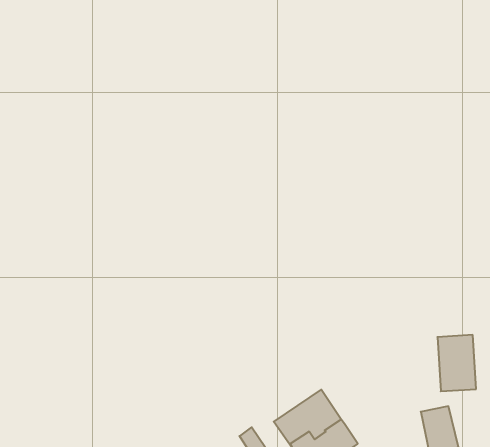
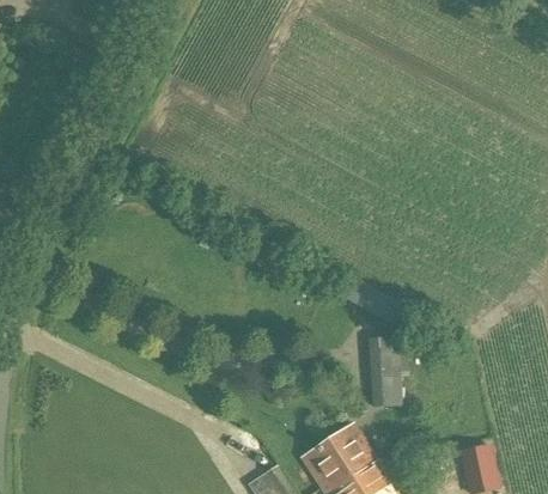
building: [437,335,476,391] -> [367,344,409,405]

